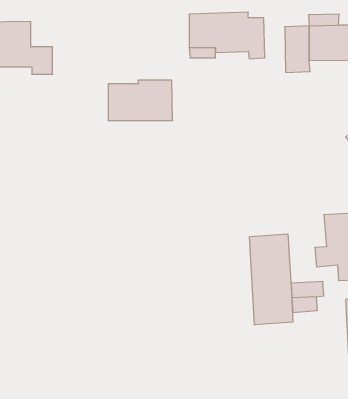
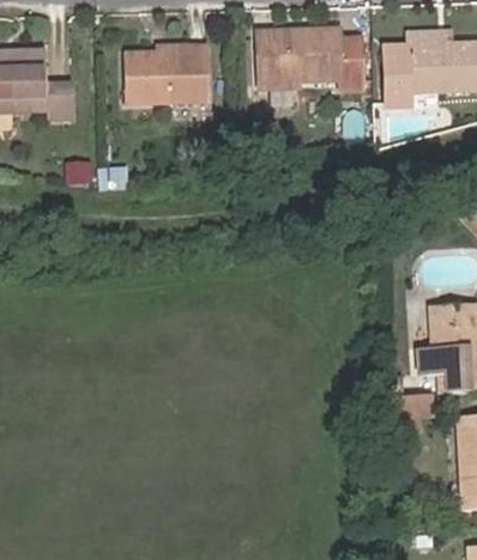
building: [108,80,173,120] -> [126,50,211,103]
building: [250,234,293,325] -> none

